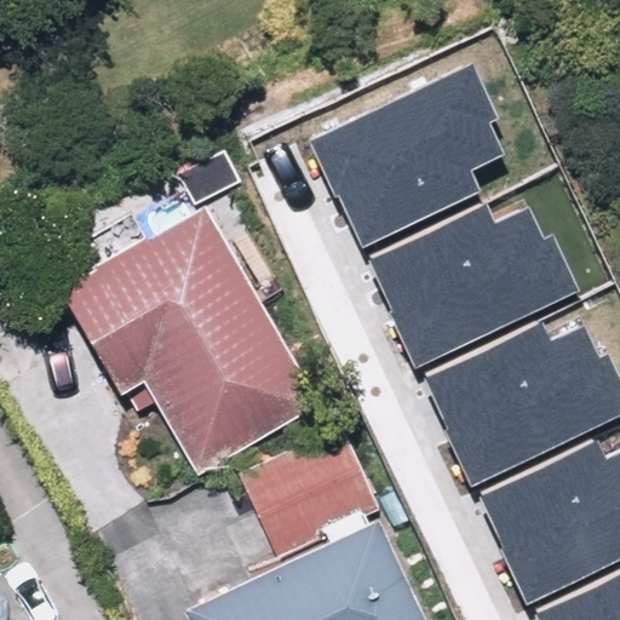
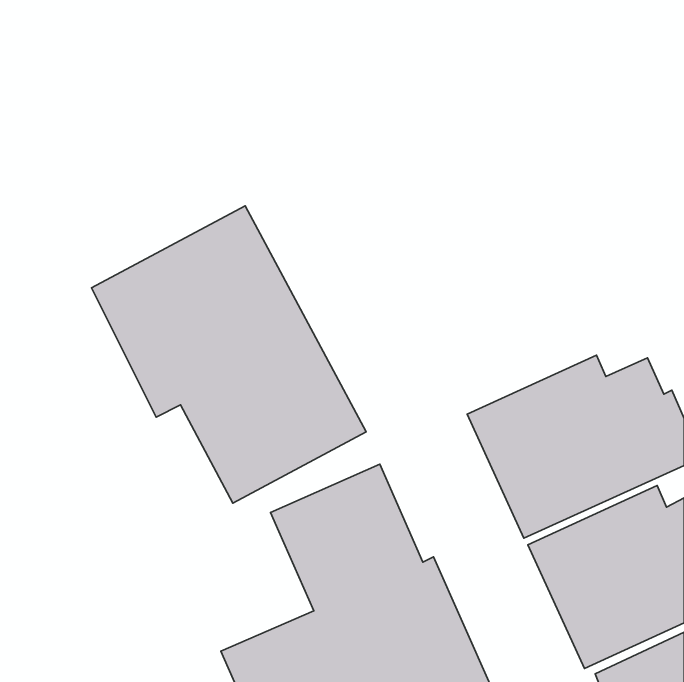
building: [305,73,499,258] -> none
building: [363,209,575,374] -> none

